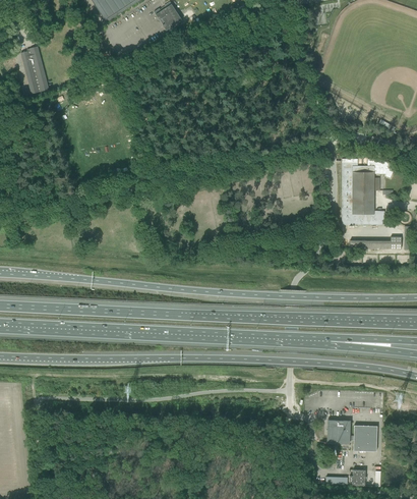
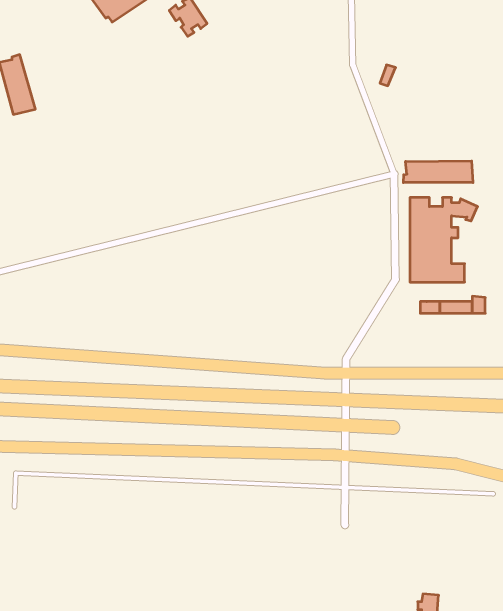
building: none -> [403,161,473,183]
building: [326,419,377,450] -> none

